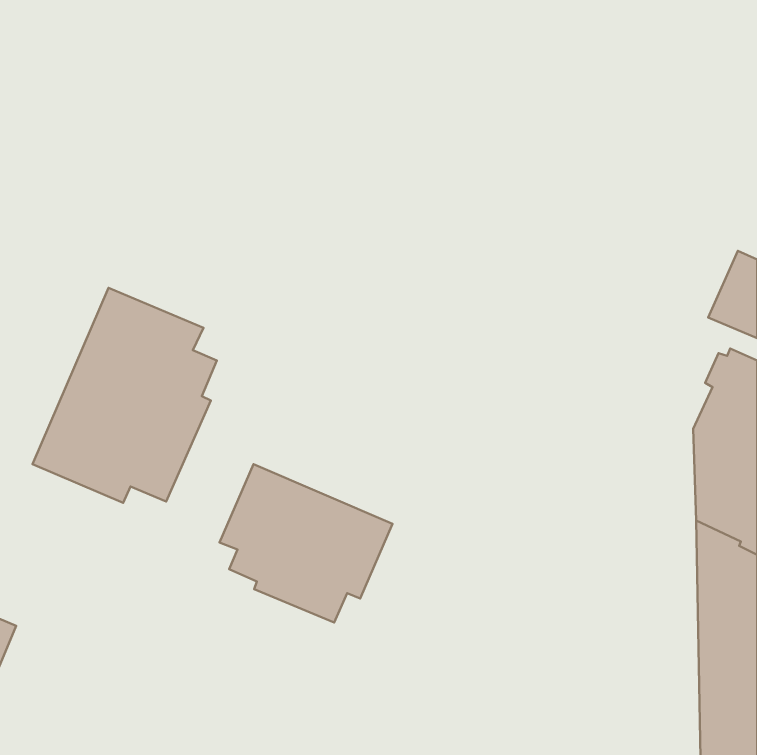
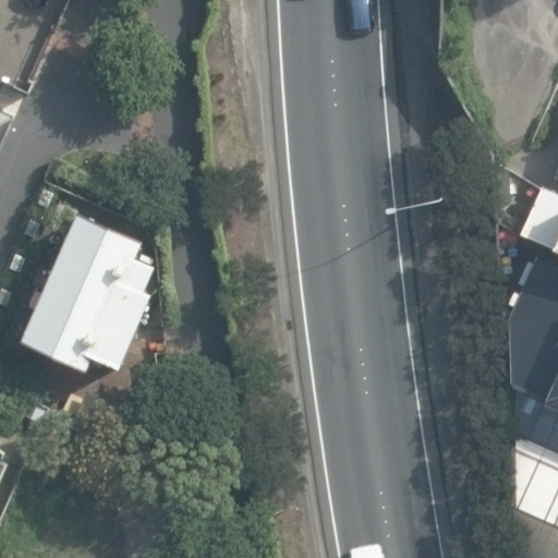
building: [219,464,392,622] -> none

